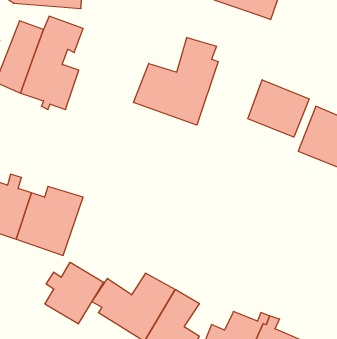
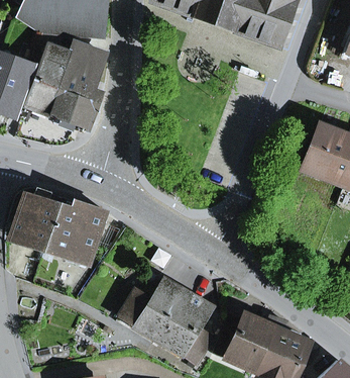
building: [134,37,218,125] -> none
building: [248,80,309,137] -> none
building: [45,262,104,324] -> none

